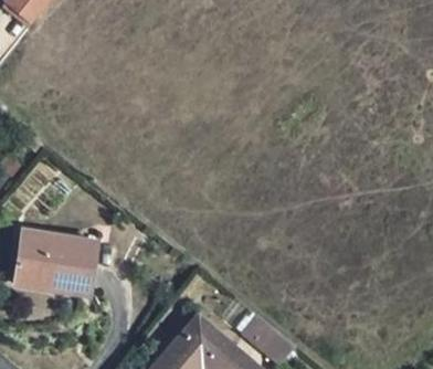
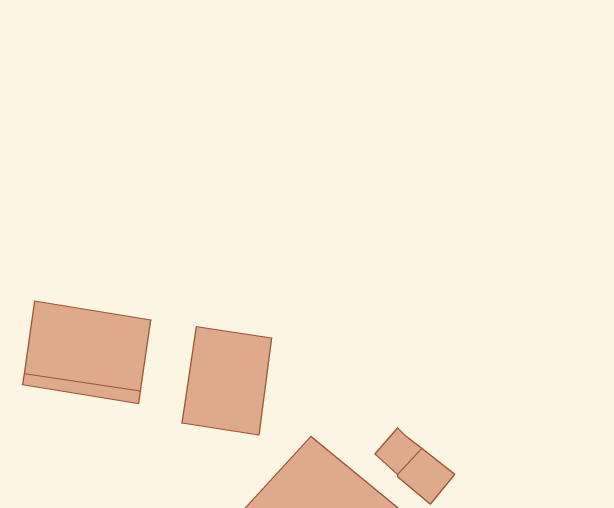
building: none -> [182,327,271,435]

